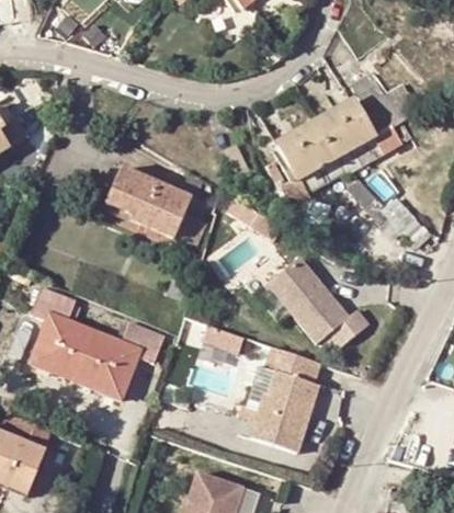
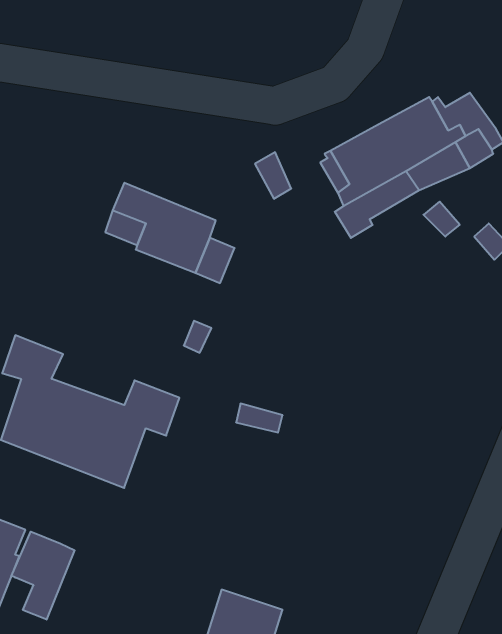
building: [270,261,372,347] -> none
building: [247,344,319,452] -> none
building: none -> [12,532,75,620]

